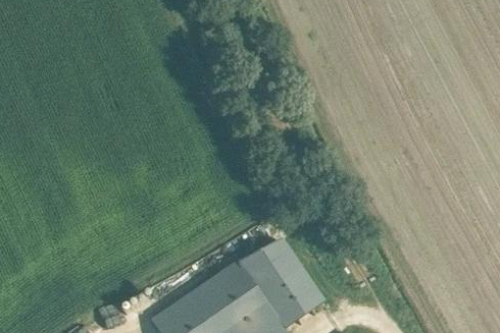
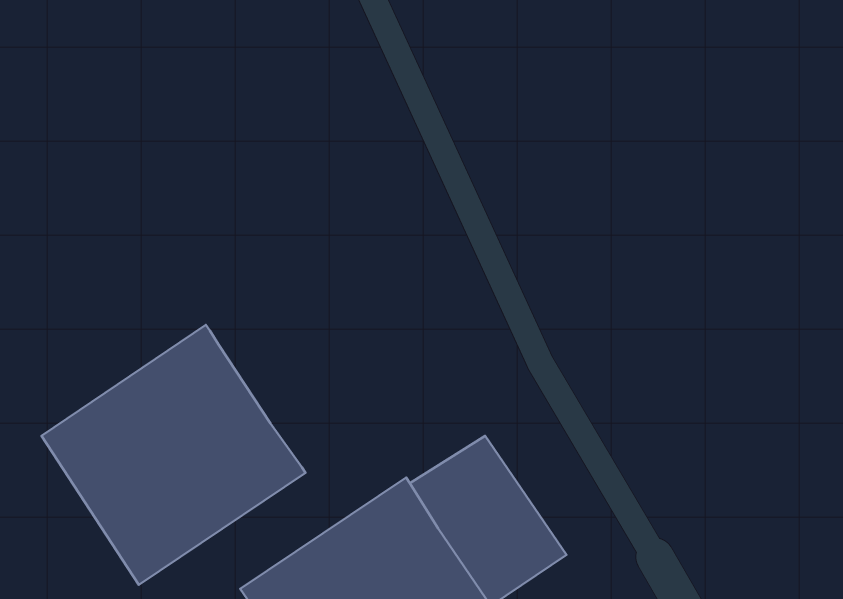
building: none -> [41,325,306,585]

